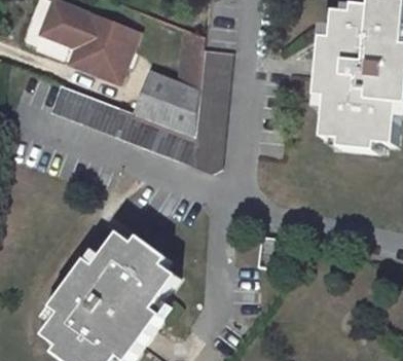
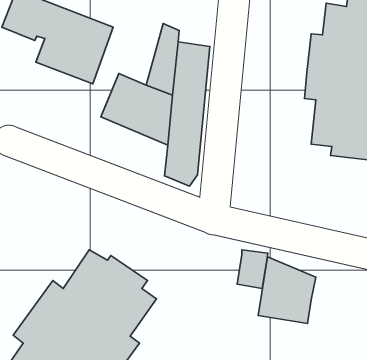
building: [50,85,190,167] -> none
building: none -> [258,257,316,324]

